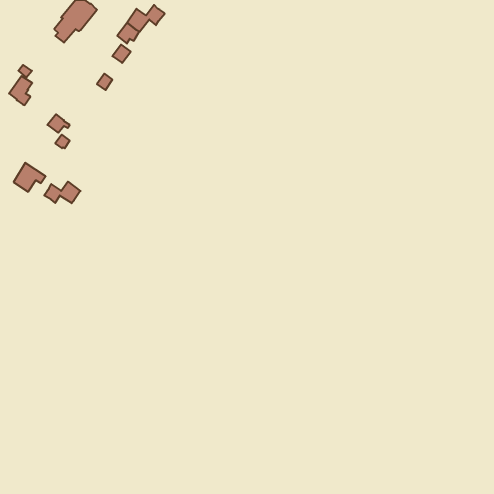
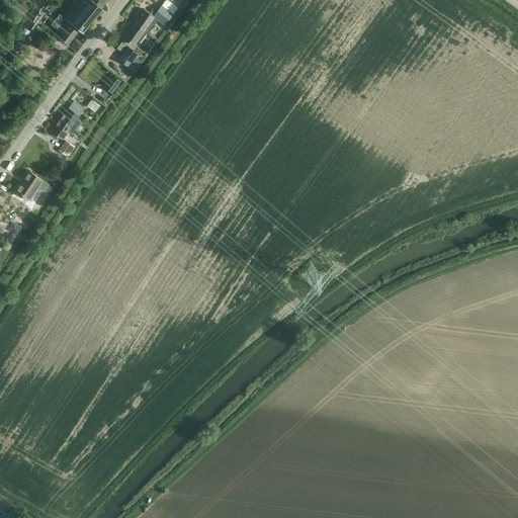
building: [9,76,32,105] -> [59,102,83,133]
building: [44,182,81,203] -> none

